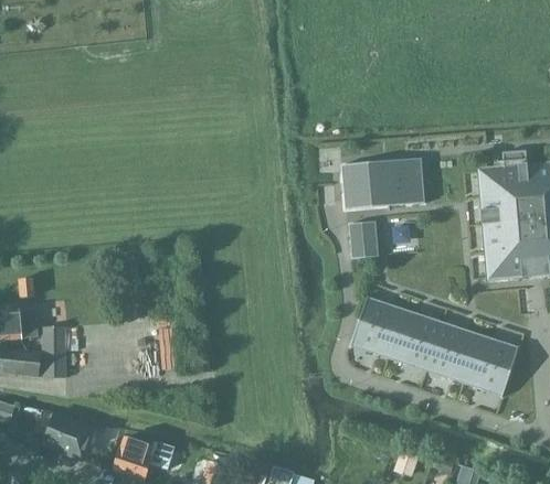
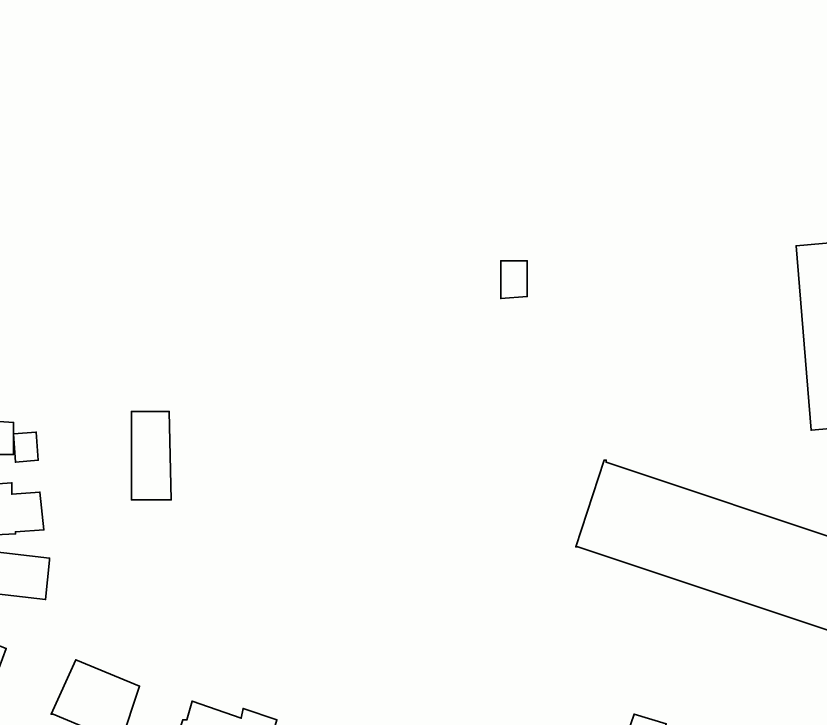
building: [340,158,424,209] -> none
building: [348,222,378,259] -> none
building: [42,326,65,378] -> [132,411,171,500]

